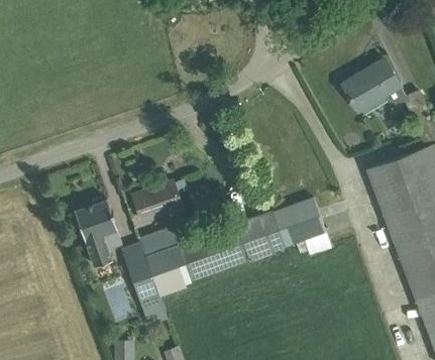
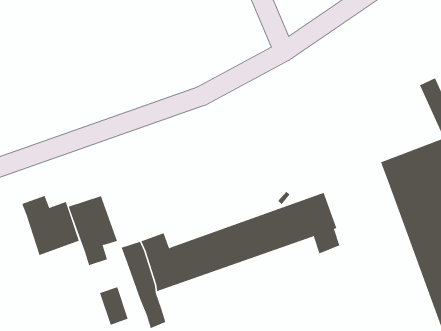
building: [343,59,401,111] -> none
building: [133,182,183,220] -> none
building: none -> [21,195,79,256]

